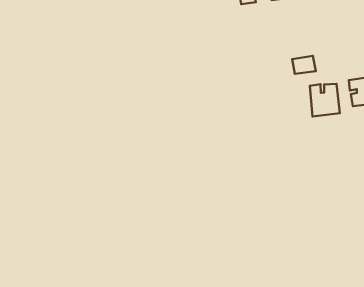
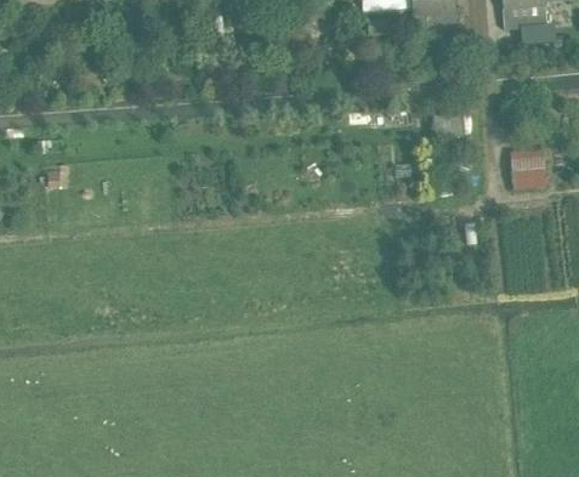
building: [310,84,340,117] -> none

